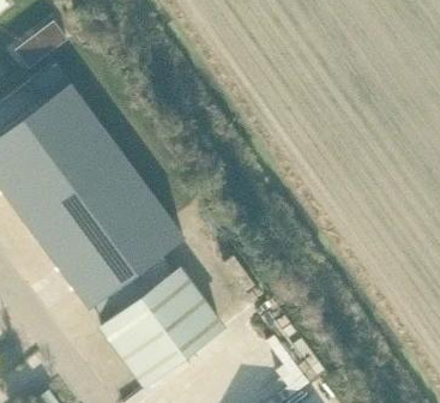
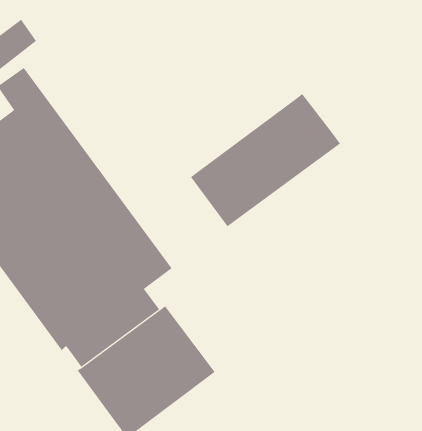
building: none -> [190,93,341,227]

